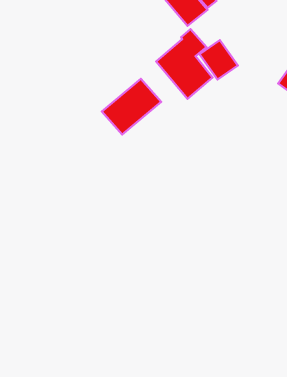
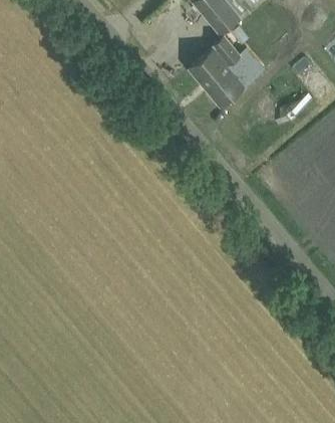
building: [102,79,161,134] -> none

